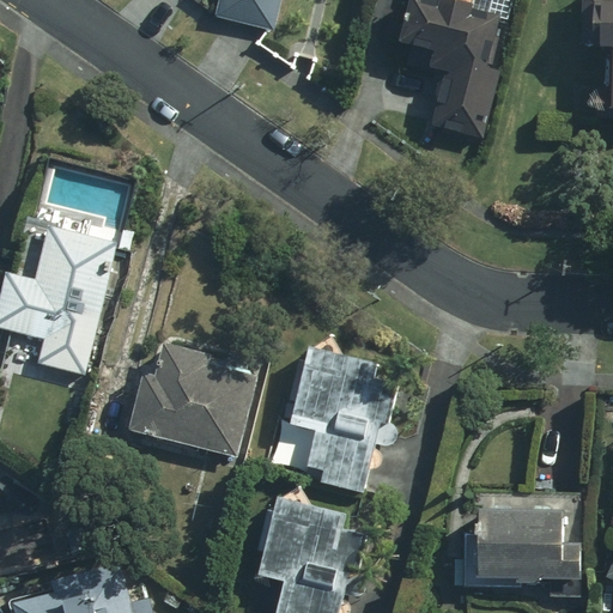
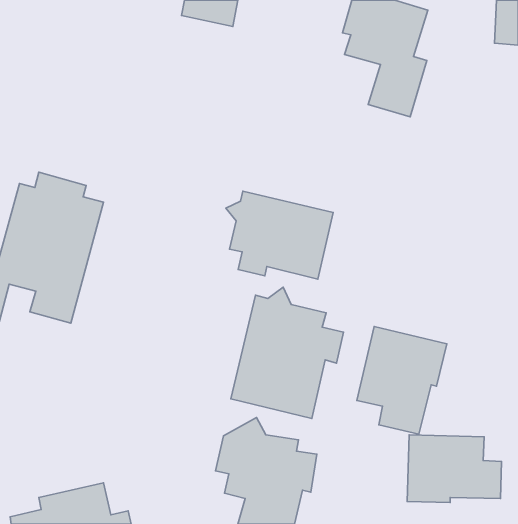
building: none -> [226,191,333,279]
building: [129,346,254,459] -> none
building: none -> [357,327,447,434]

